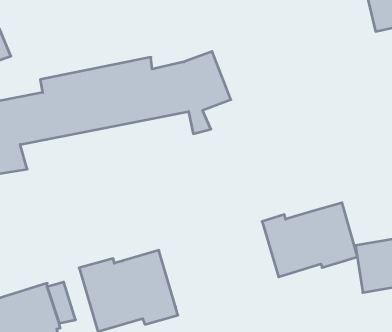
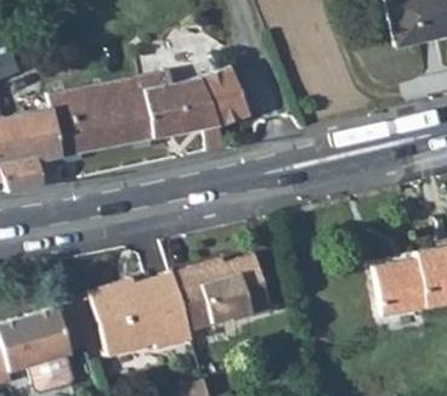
building: [262,203,357,277] -> [172,253,271,329]

